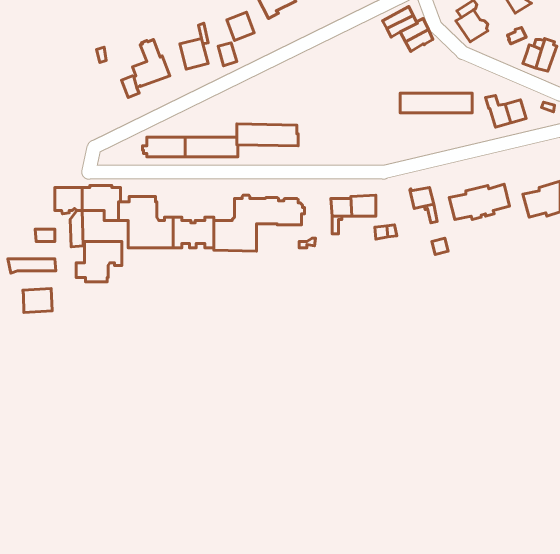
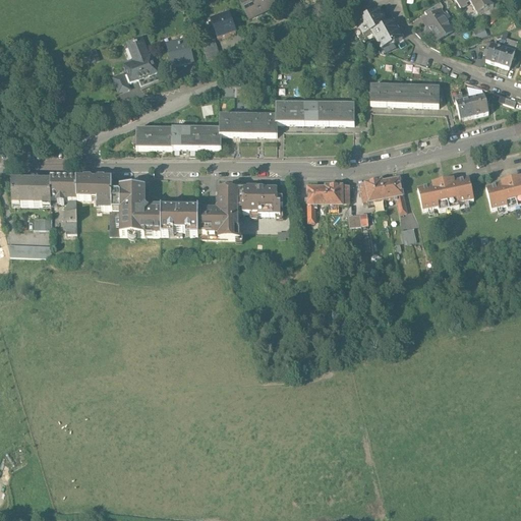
building: none -> [276,105,354,124]
building: none -> [11,176,51,201]
building: none -> [358,176,385,198]
building: [76,241,122,282] -> none
building: [23,289,52,312] -> none

